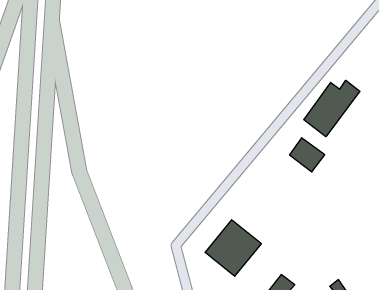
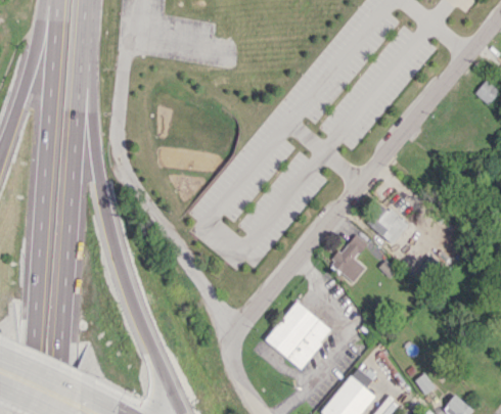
building: [304,80,360,137] -> none
building: none -> [330,233,367,282]

